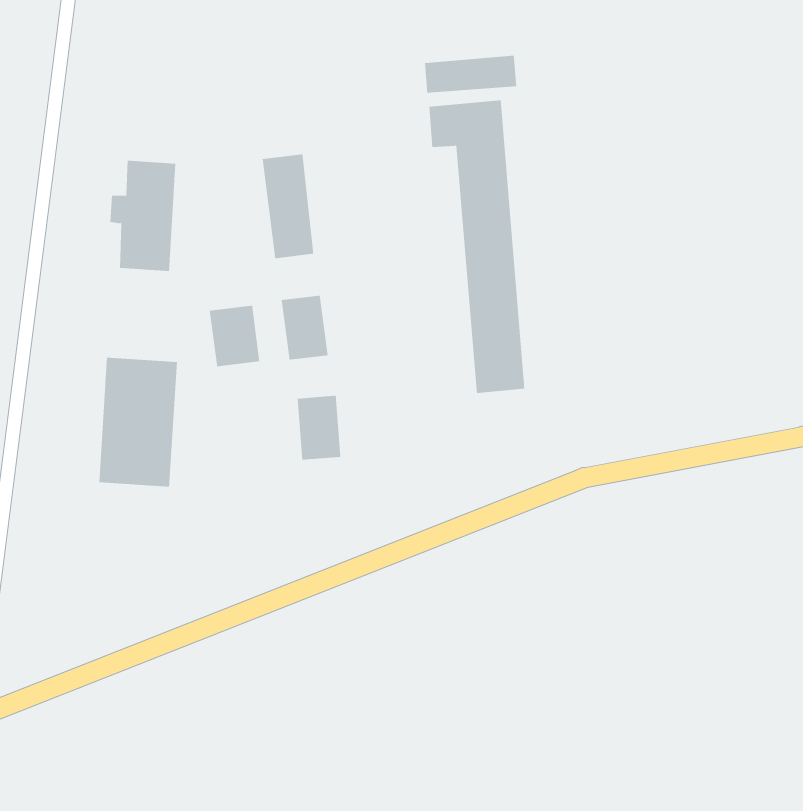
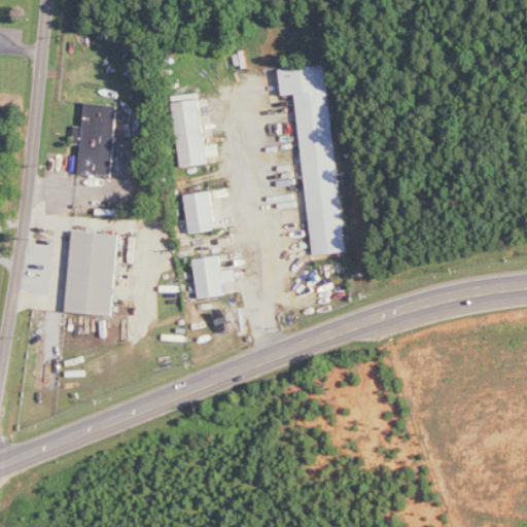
building: [425,55,517,93] -> none
building: [209,305,260,367] -> none

